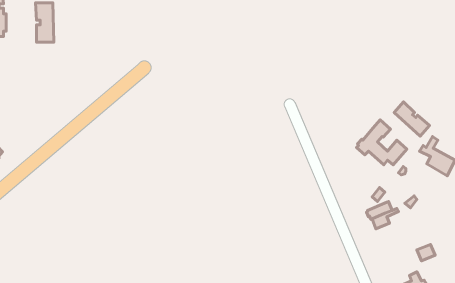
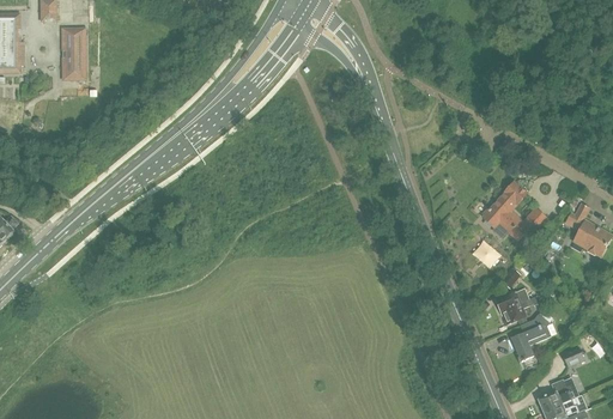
building: [394,102,429,136] -> none
building: none -> [511,312,551,360]

